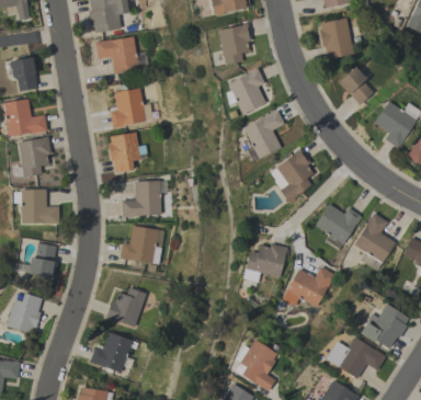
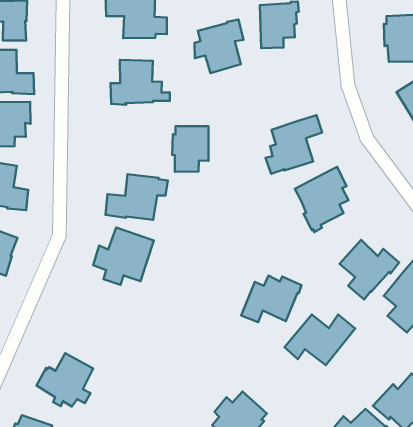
building: [226,68,265,114] -> [195,20,243,73]
building: [109,132,140,172] -> [172,126,209,172]
building: [106,287,146,327] -> none

